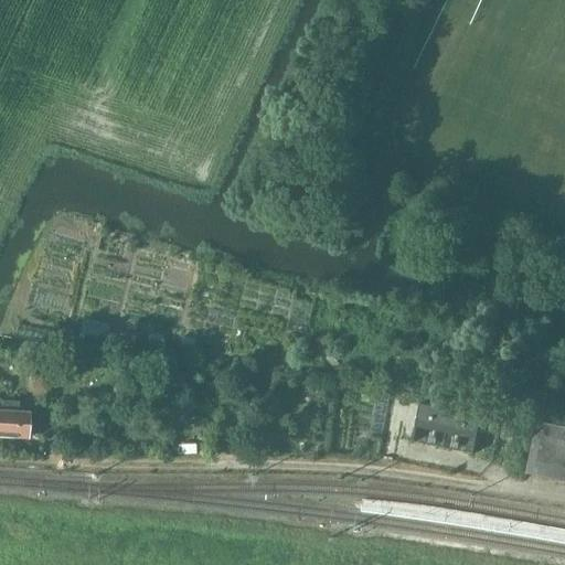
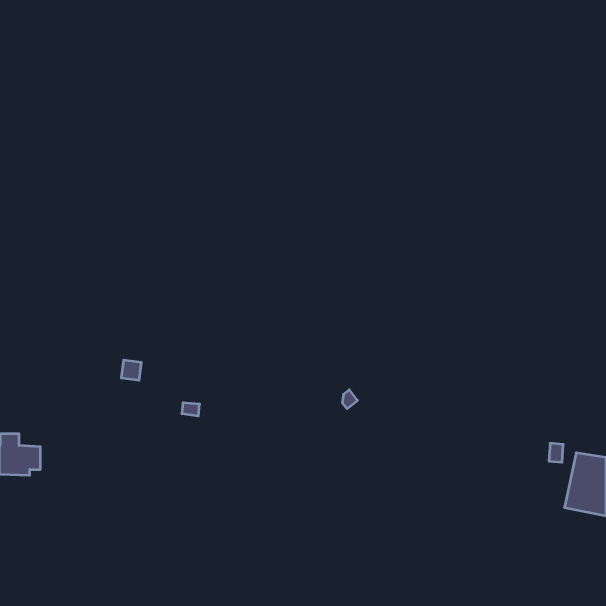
building: [411,403,480,454] -> none

